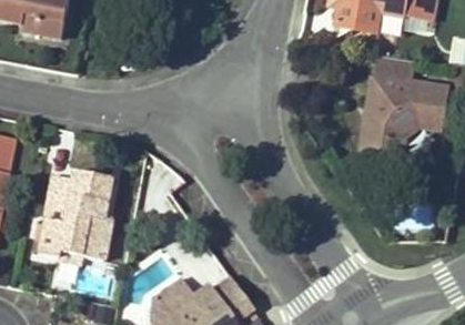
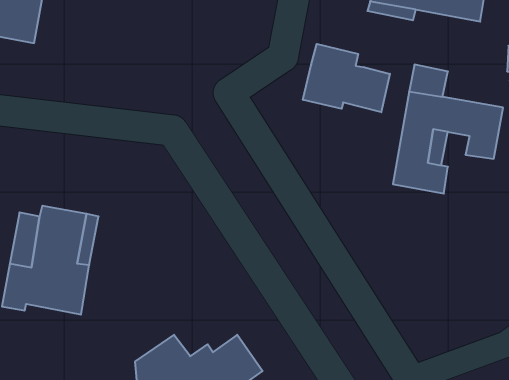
building: none -> [303,44,390,112]

